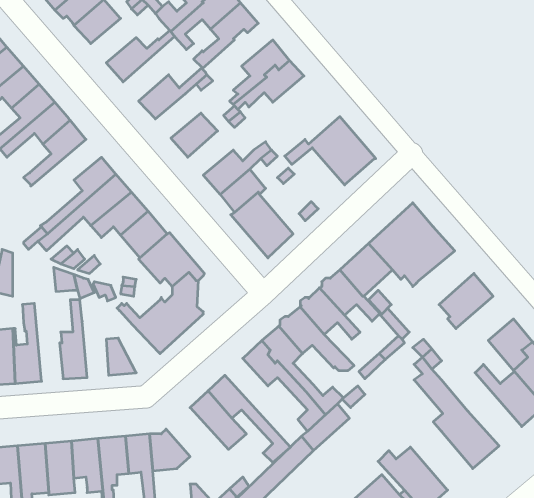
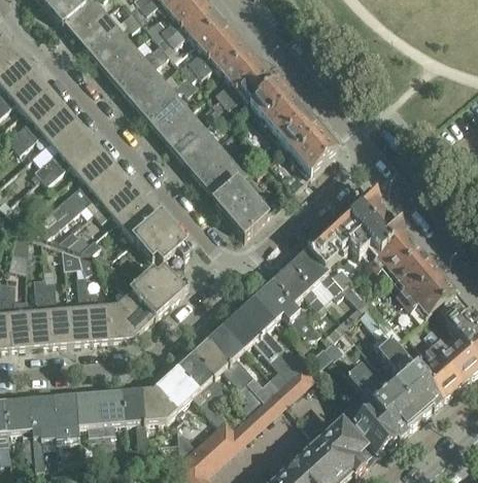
building: none -> [93,31,132,69]
building: none -> [189,35,249,77]
building: none -> [121,46,179,102]
building: none -> [249,80,307,139]
building: none -> [148,96,187,134]
building: none -> [176,128,215,166]
building: none -> [41,135,102,181]
building: none -> [375,231,422,277]
building: none -> [43,267,69,343]
building: none -> [404,270,456,320]
building: none -> [86,290,108,340]
building: none -> [116,295,151,336]
building: none -> [208,323,279,400]
building: none -> [415,335,464,399]
building: none -> [346,364,421,437]
building: none -> [158,366,226,424]

